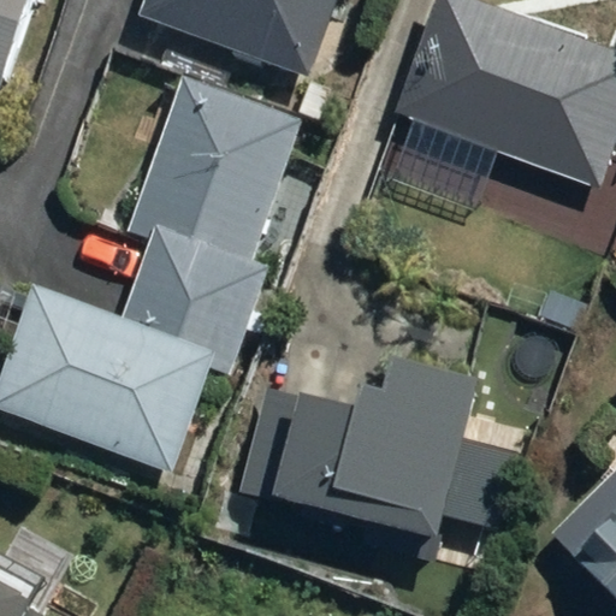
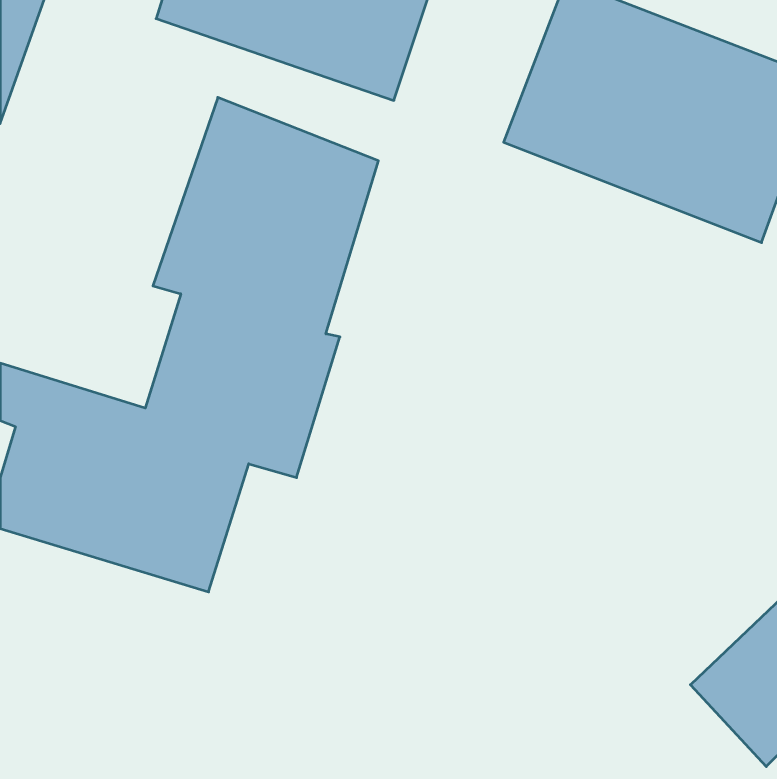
building: [247,367,469,552] -> none

